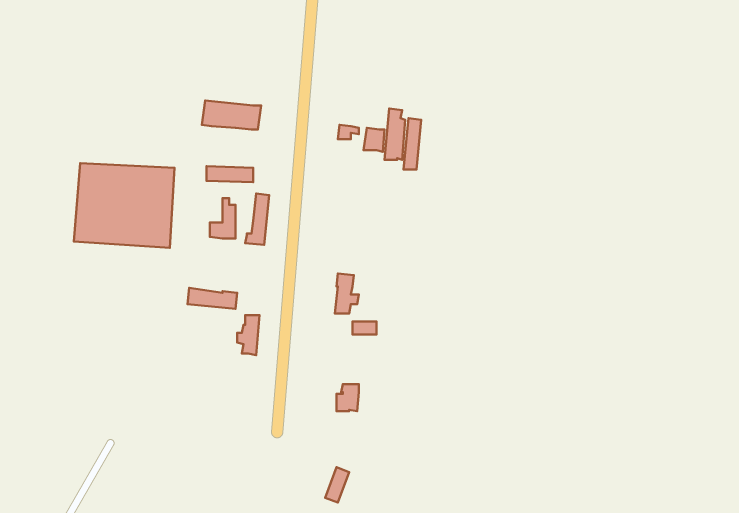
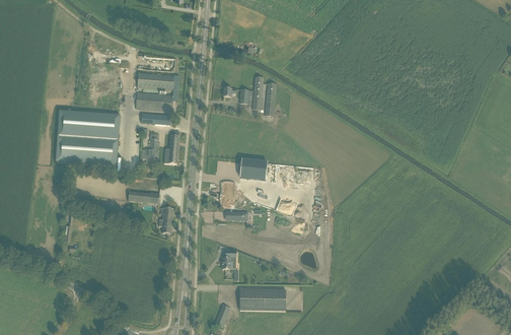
building: none -> [135,91,171,111]
building: none -> [239,158,266,179]
building: none -> [238,288,285,310]

